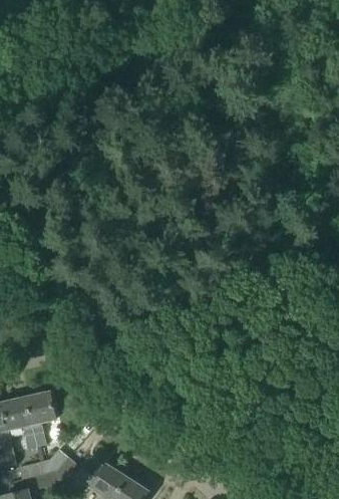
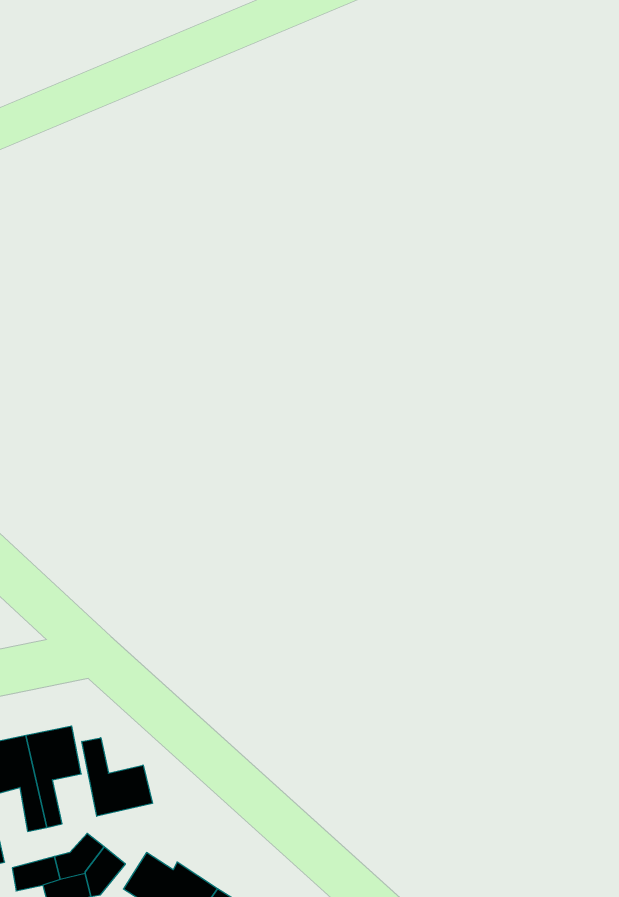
building: none -> [82,738,152,816]

